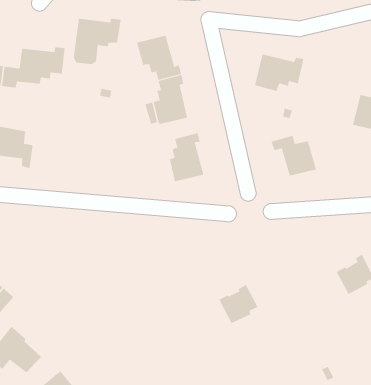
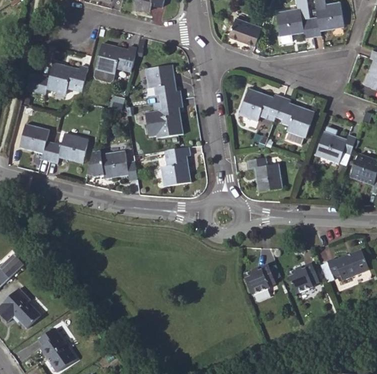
building: none -> [275,97,314,137]
building: none -> [49,134,88,163]
building: none -> [87,150,137,180]
building: [218,284,259,324] -> [244,263,276,294]

